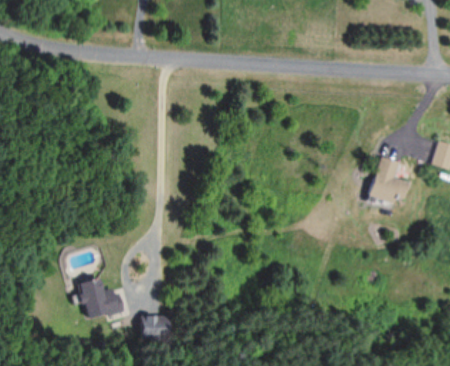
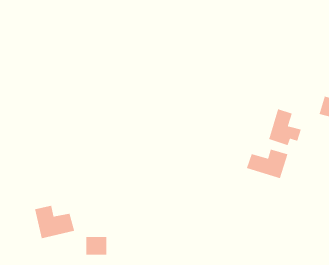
building: none -> [246,148,288,179]

